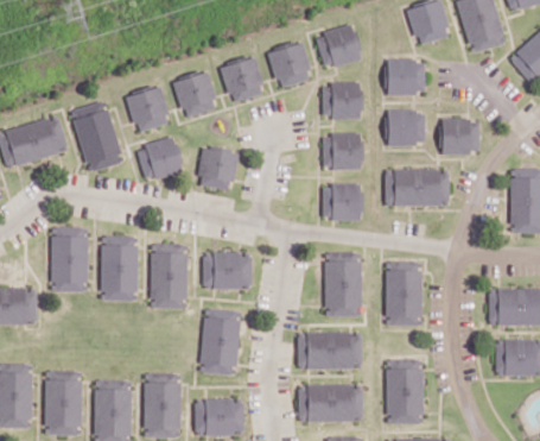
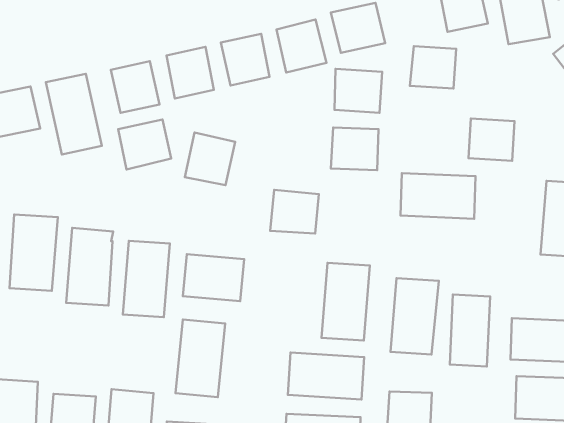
building: [387,109,425,145] -> none
building: [322,184,362,220] -> [270,190,319,234]
building: none -> [450,294,490,367]

